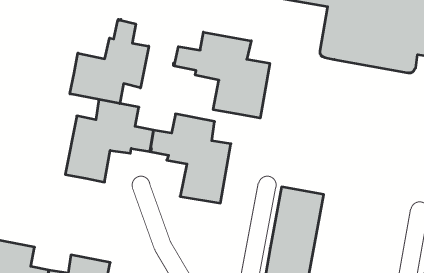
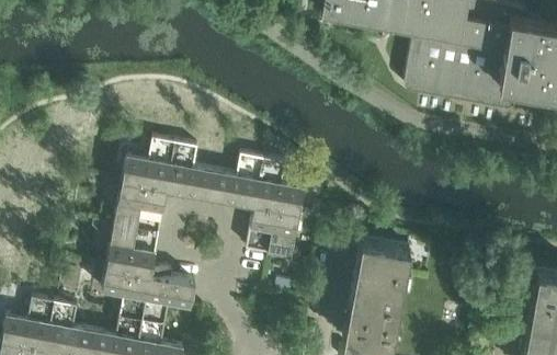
building: [70,19,149,104] -> none
building: [174,32,270,118] -> none
building: none -> [102,224,196,324]

